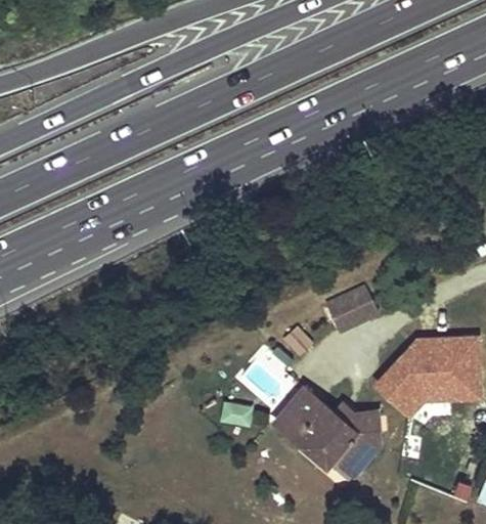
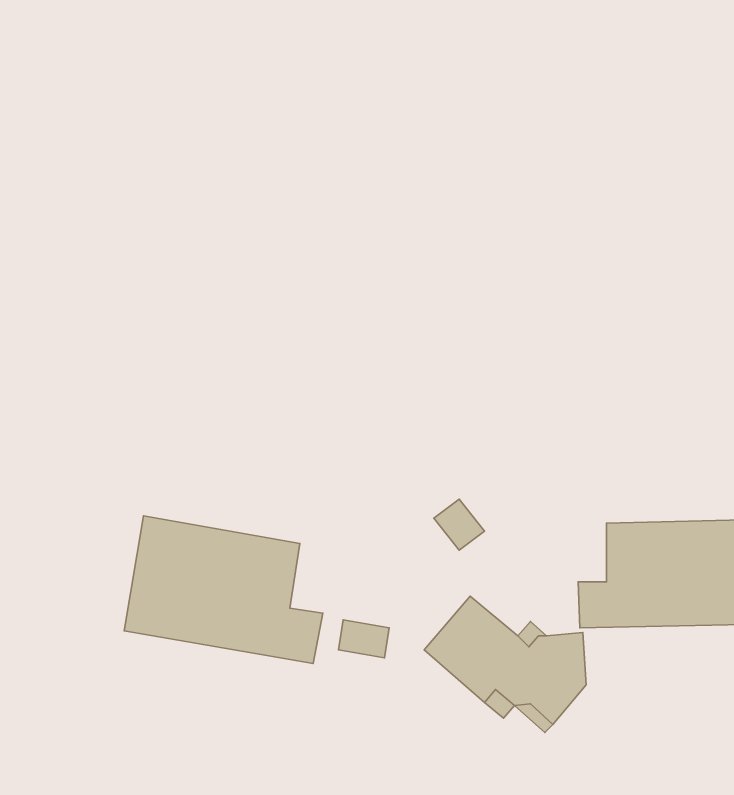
building: [322,285,378,334] -> none
building: none -> [124,516,323,664]

